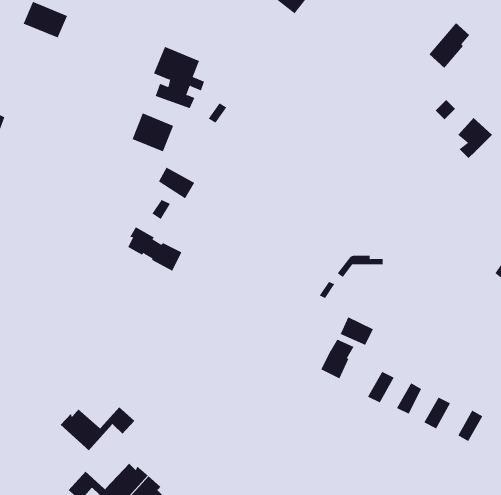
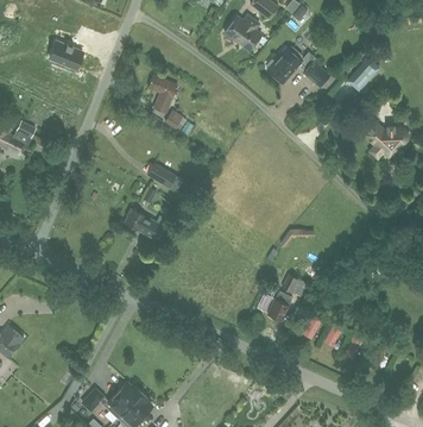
building: none -> [266,46,329,87]
building: [132,113,174,152] -> none
building: [60,407,135,451] -> none

